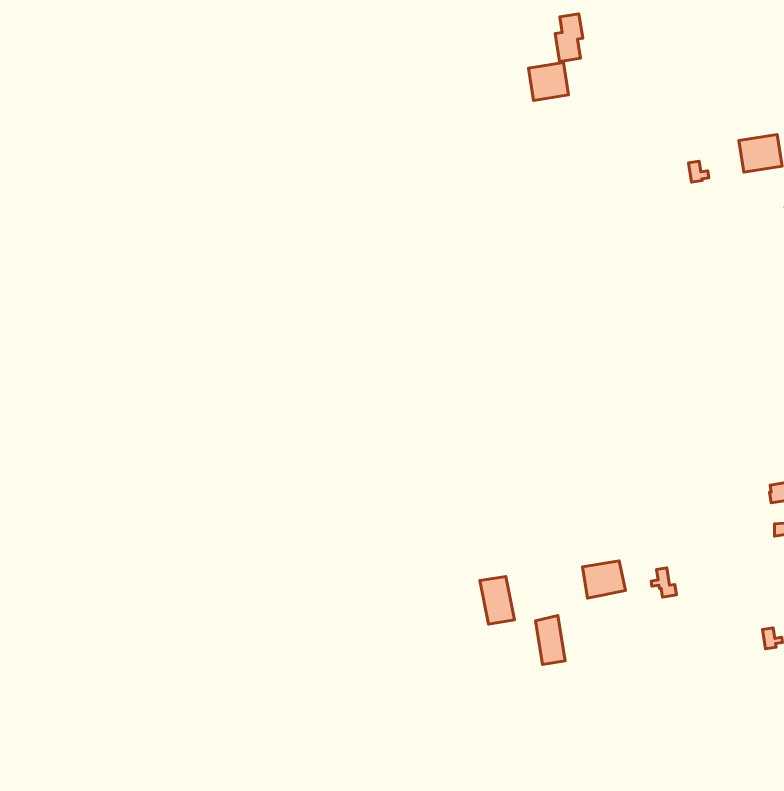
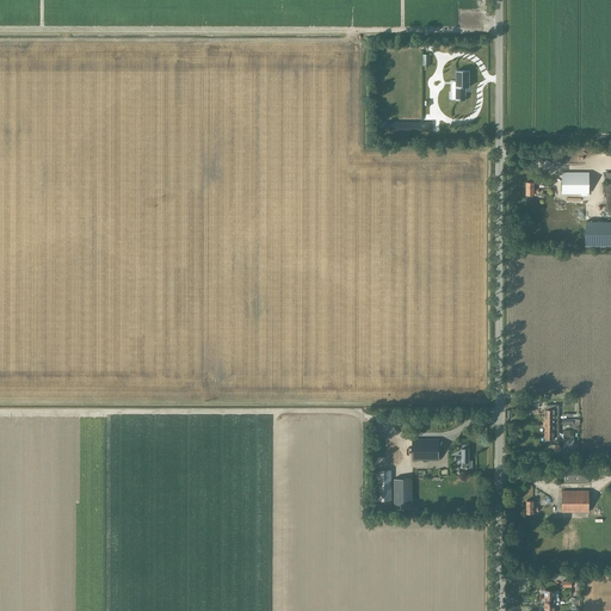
building: [528,63,569,101] -> none
building: [480,576,515,624] -> [394,479,413,508]

